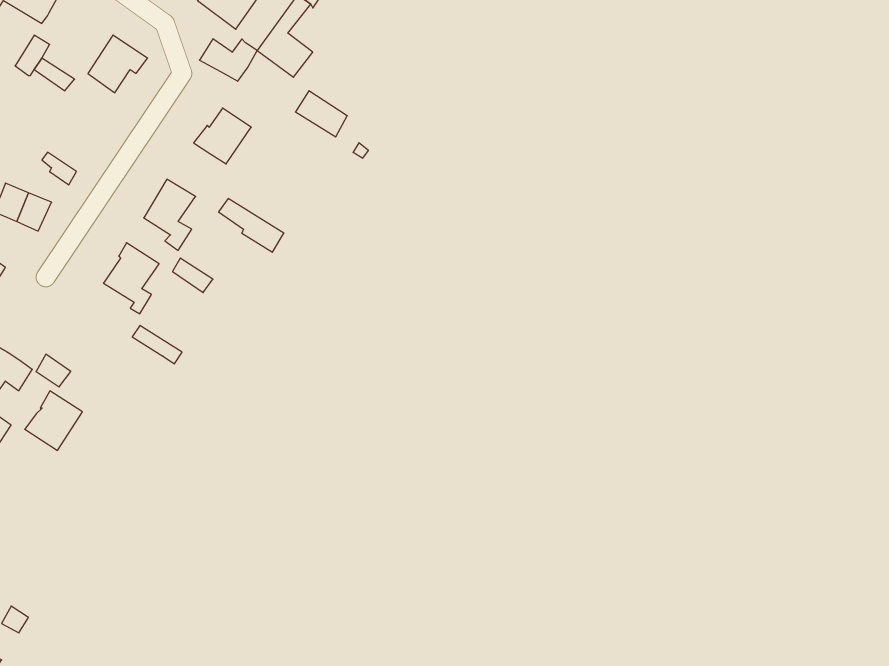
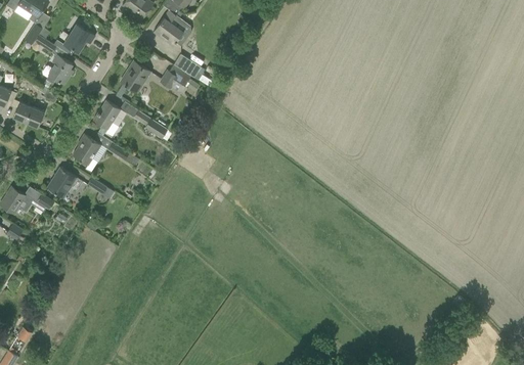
building: [199,39,257,81] -> [160,71,190,93]
building: none -> [42,55,73,85]
building: [25,391,82,450] -> [46,167,77,198]

